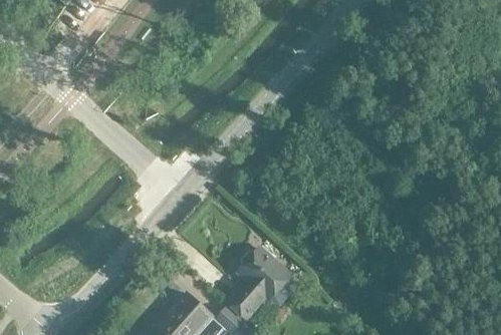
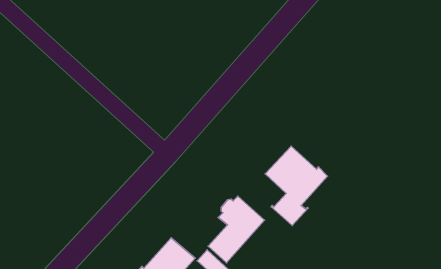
building: none -> [265,146,328,226]

